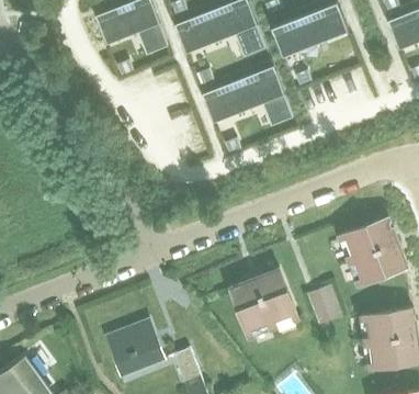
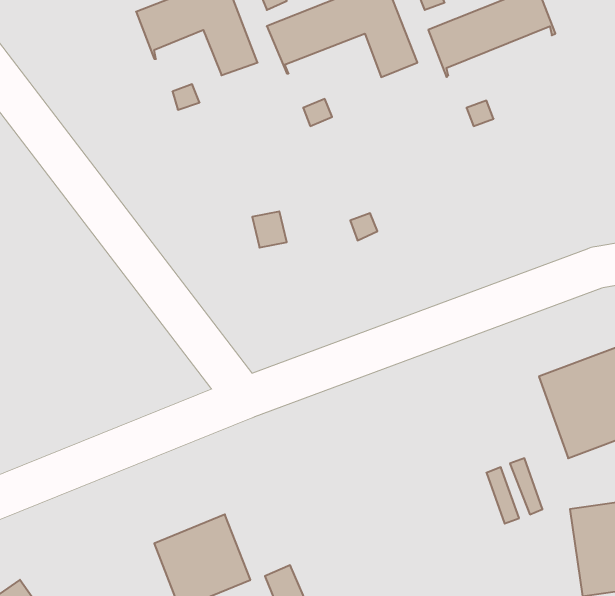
building: [202,67,293,126] -> none
building: [230,270,297,338] -> none

